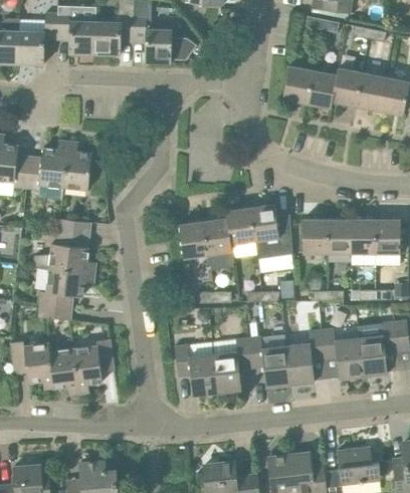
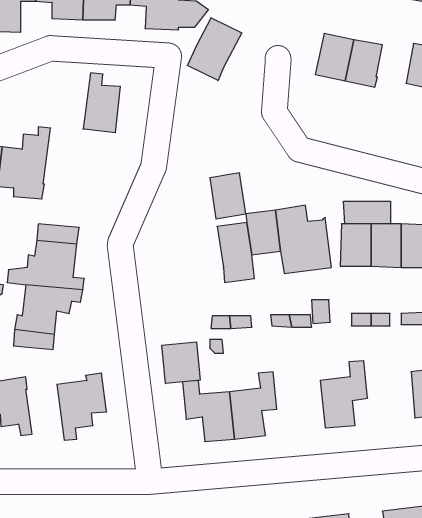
building: none -> [187,18,242,81]
building: [332,68,362,105] -> none
building: [62,142,92,190] -> [83,73,120,133]
building: none -> [344,201,390,224]
building: [179,221,208,258] -> [210,173,246,219]
building: none -> [162,342,200,384]
building: [322,328,363,379] -> none
building: [248,336,290,387] -> none
building: [48,348,79,396] -> none

